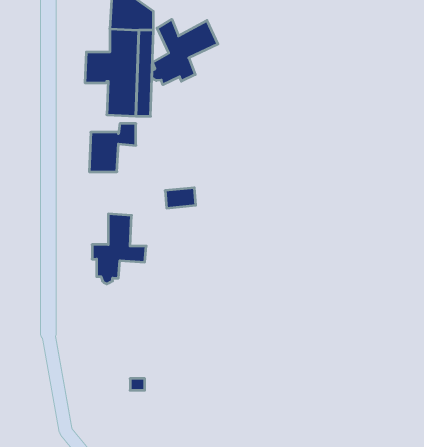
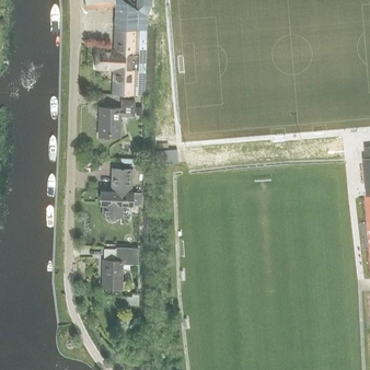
building: [152,19,218,85] -> none
building: none -> [103,248,138,289]

